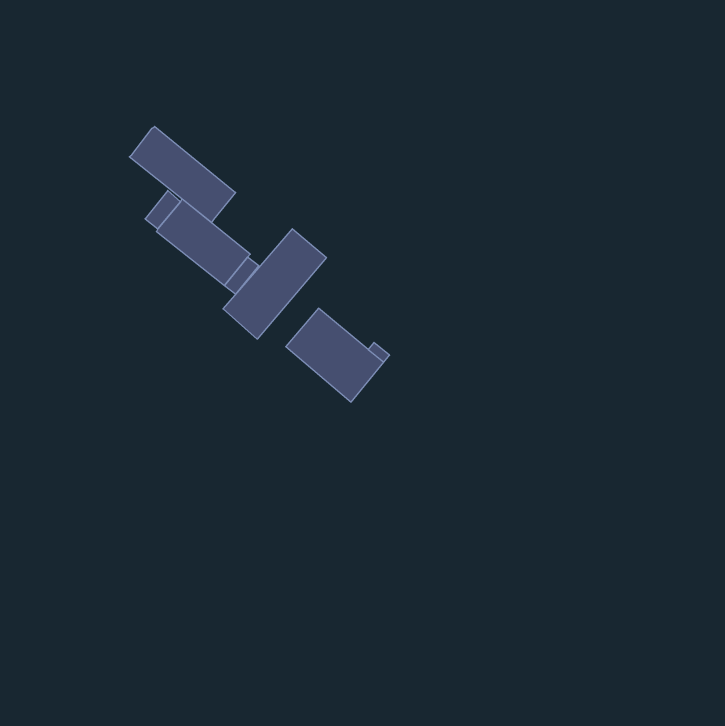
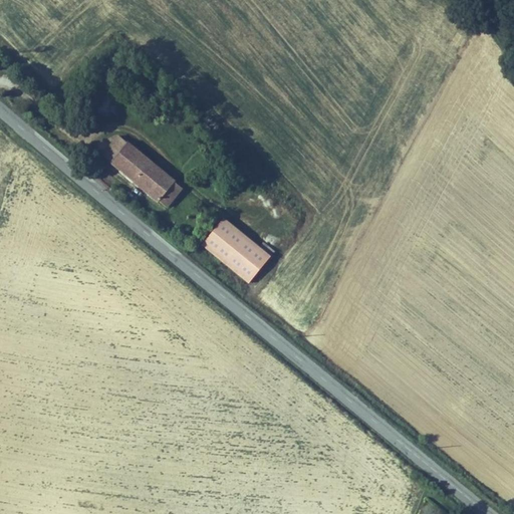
building: [129,126,236,223] -> none
building: [223,229,326,339] -> none

